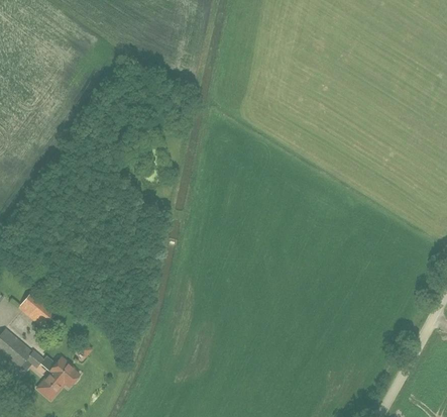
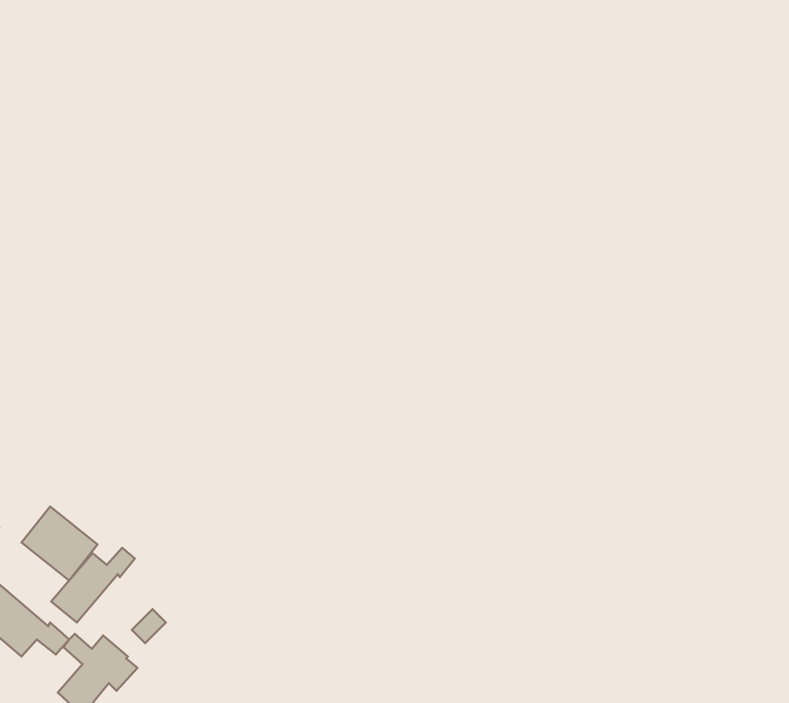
building: none -> [51,548,135,622]

